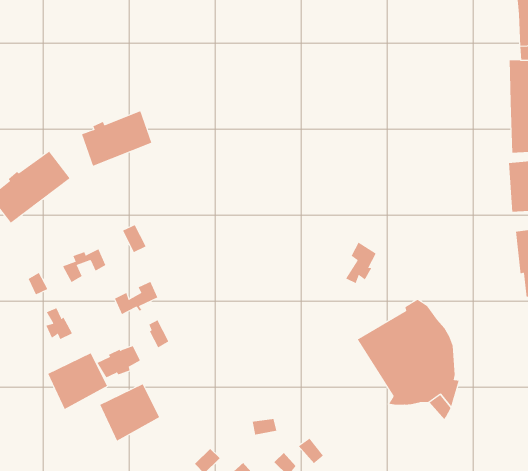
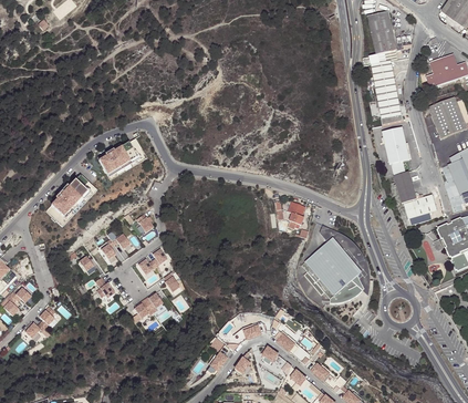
building: [48,352,108,410] -> none
building: [100,383,160,441] -> none

